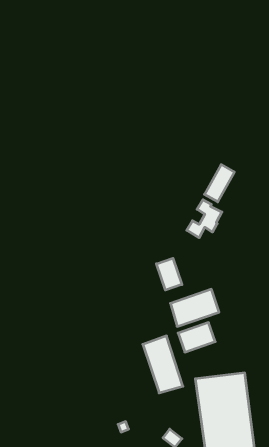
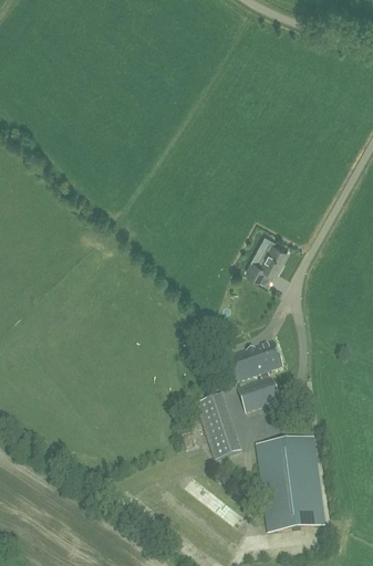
building: [204,165,234,202] -> none
building: [156,258,182,290] -> none

